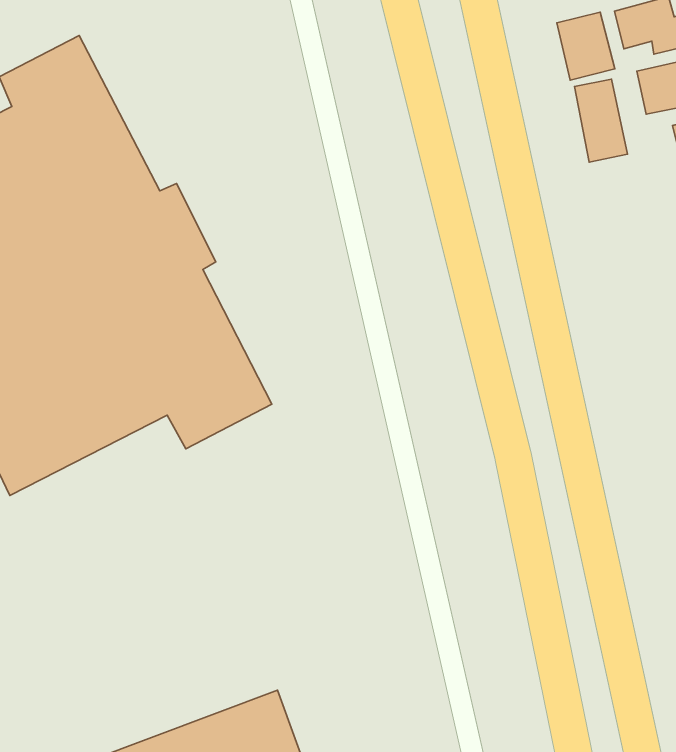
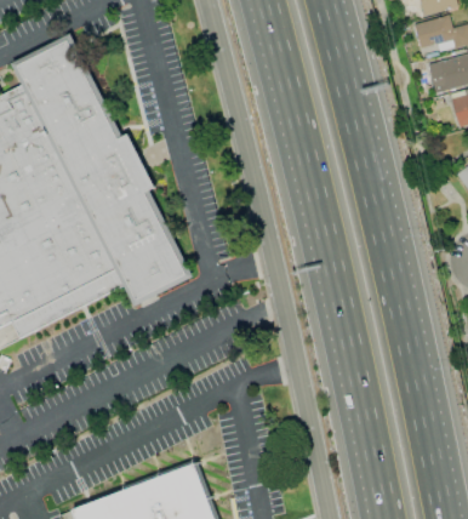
building: [557,12,615,80] -> none
building: [574,79,628,162] -> none

